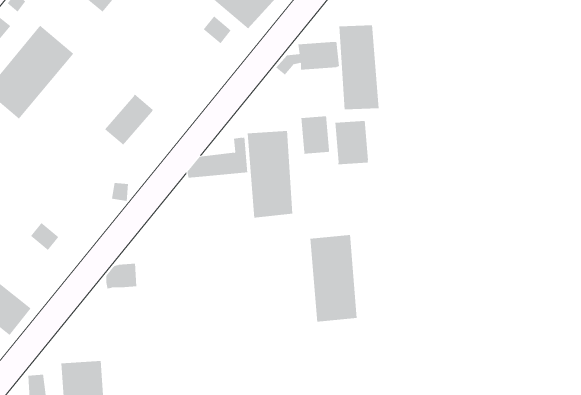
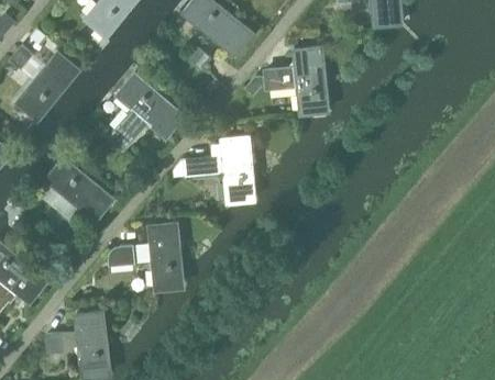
building: none -> [119,76,178,133]
building: [301,116,330,155] -> none
building: [335,120,368,165] -> none
building: none -> [38,158,112,227]
building: [310,235,358,322] -> [146,230,185,300]

